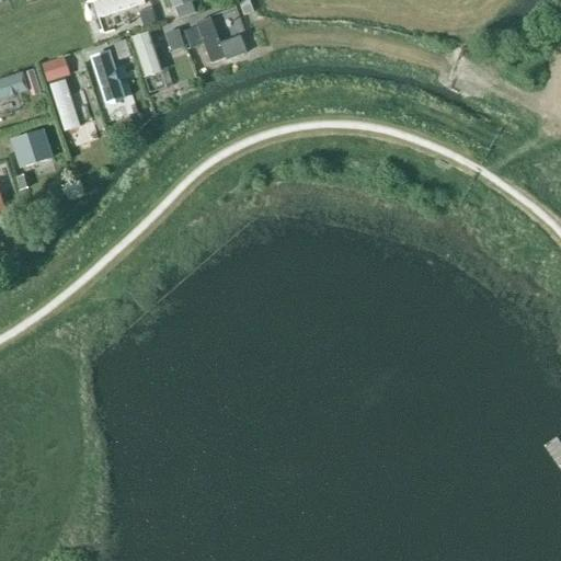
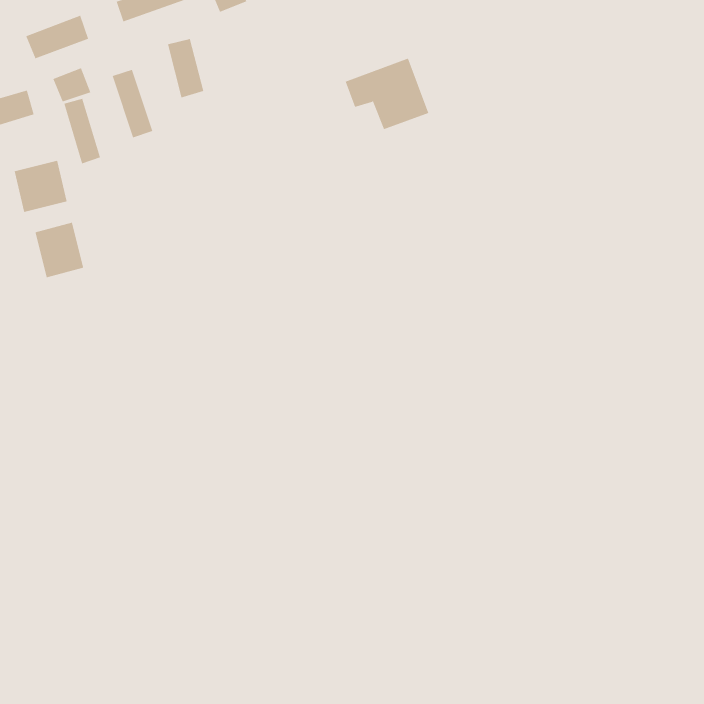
building: [183,8,250,65] -> [345,58,429,130]
building: none -> [26,15,89,59]
building: none -> [35,222,84,278]

